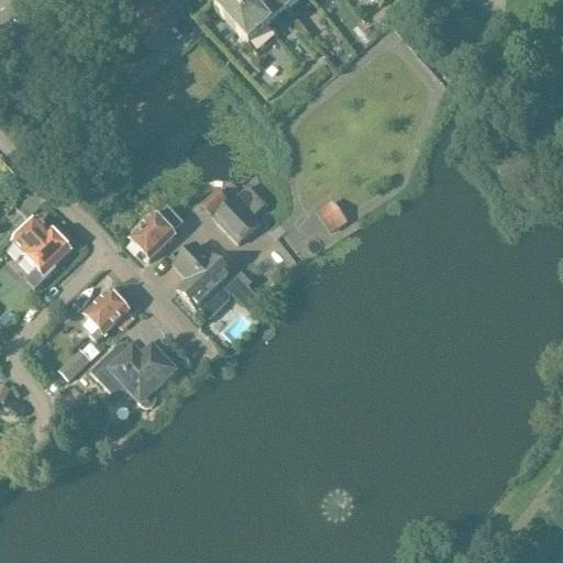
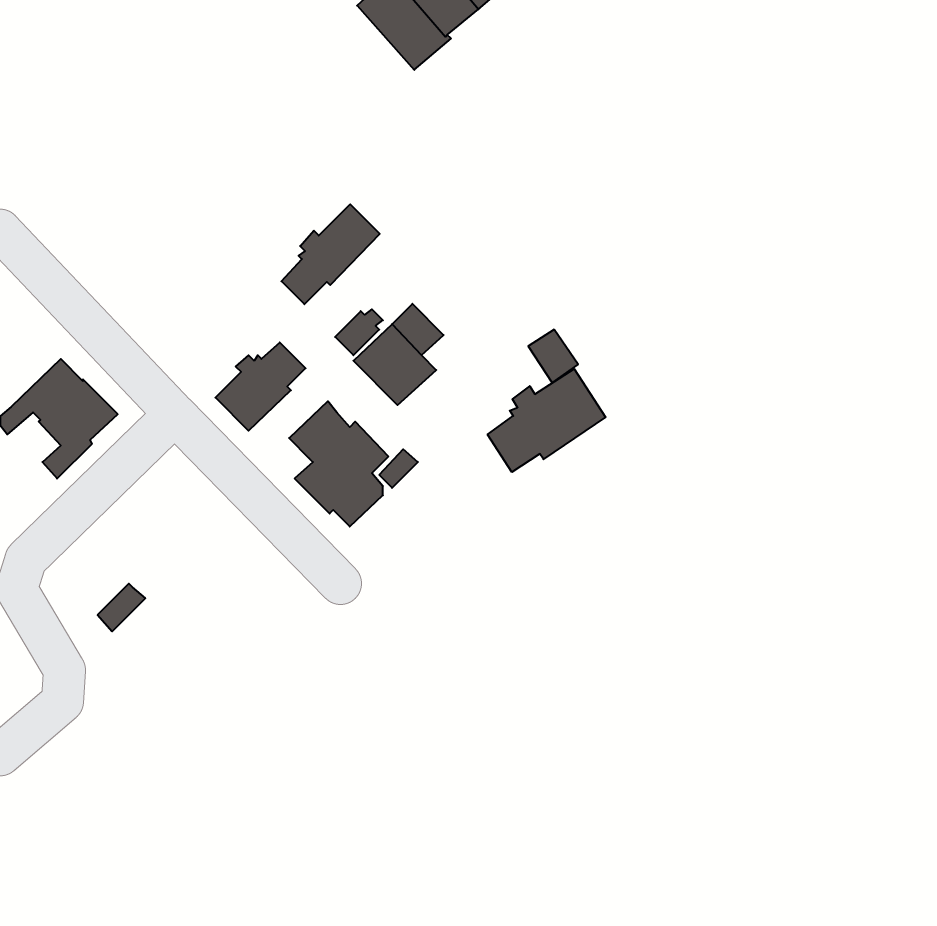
building: none -> [281,204,380,304]
building: none -> [488,369,606,472]
building: [86,288,131,339] -> none
building: [92,341,175,404] -> none

